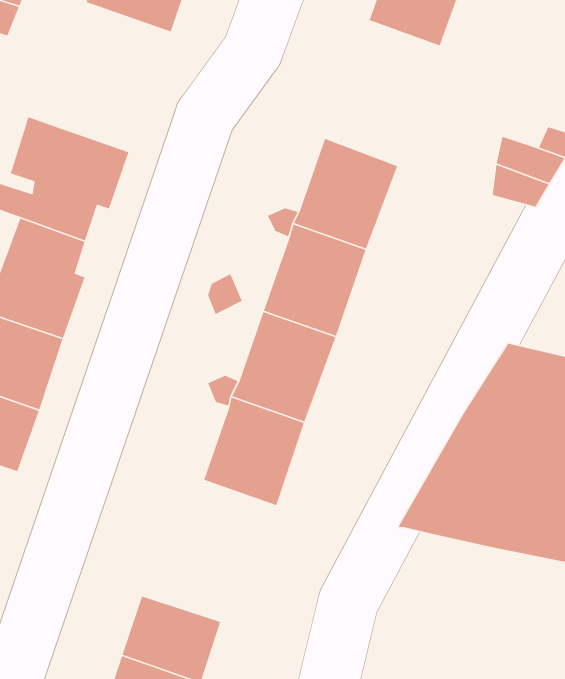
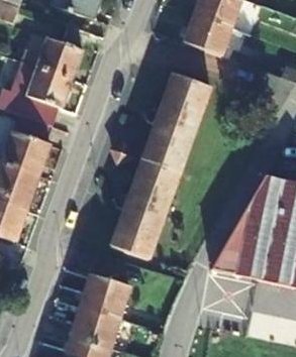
building: none -> [184,13,231,55]
building: none -> [36,38,84,80]
building: none -> [80,275,130,318]

